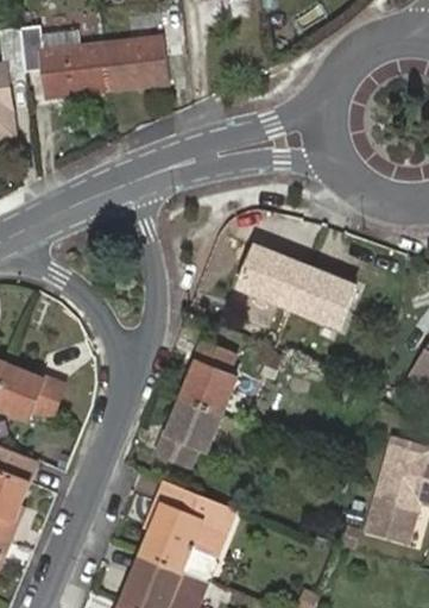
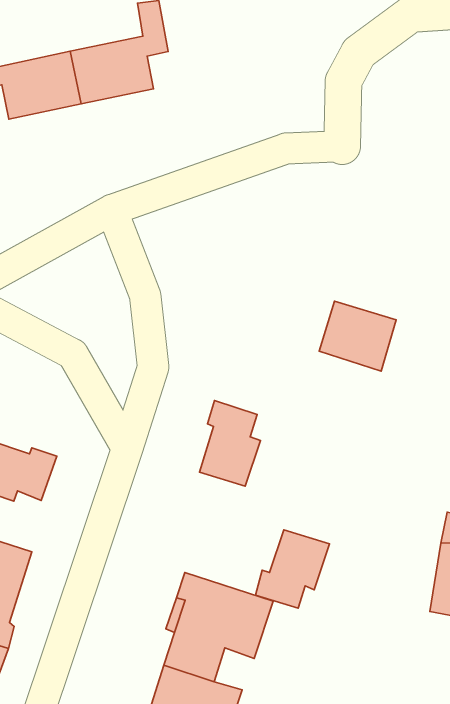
building: [238,249,303,308] -> none
building: [154,401,219,466] -> [255,530,330,608]

